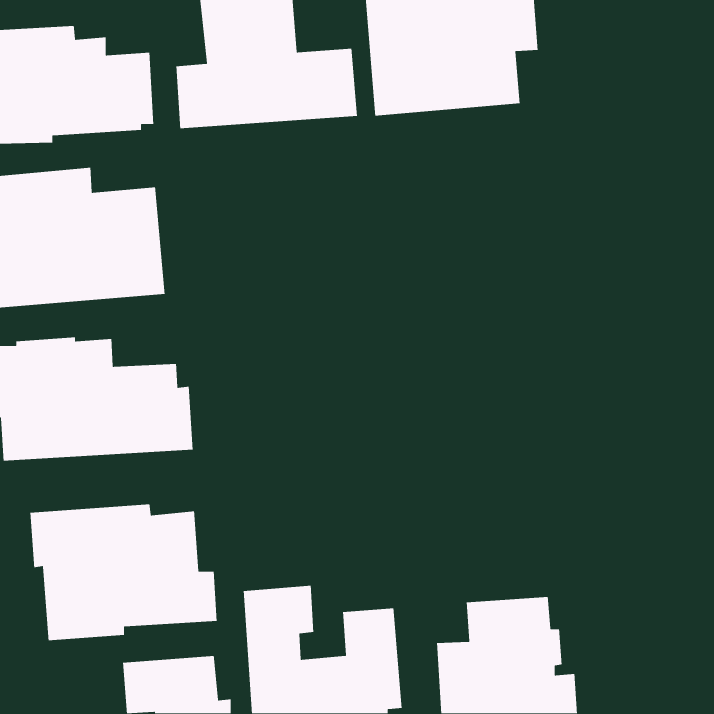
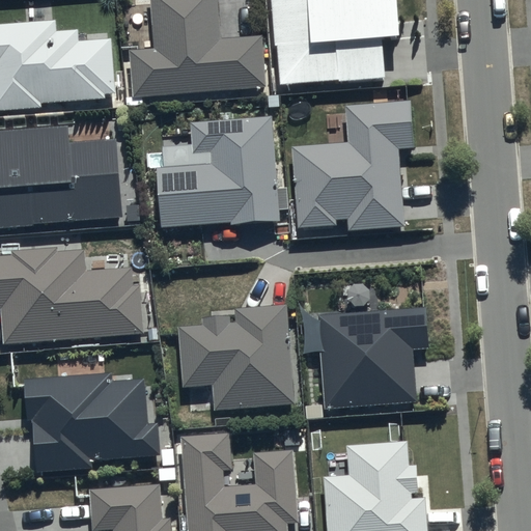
building: none -> [291,101,412,230]
building: none -> [156,115,279,226]
building: none -> [176,303,294,411]
building: none -> [317,306,428,409]

